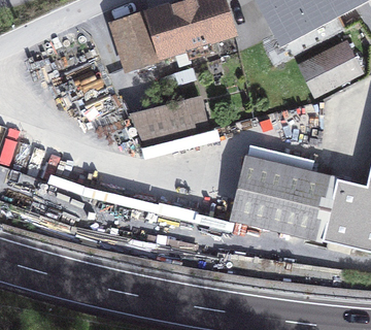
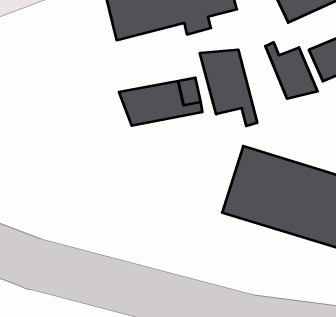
building: none -> [265,42,318,99]
building: none -> [200,50,257,126]

